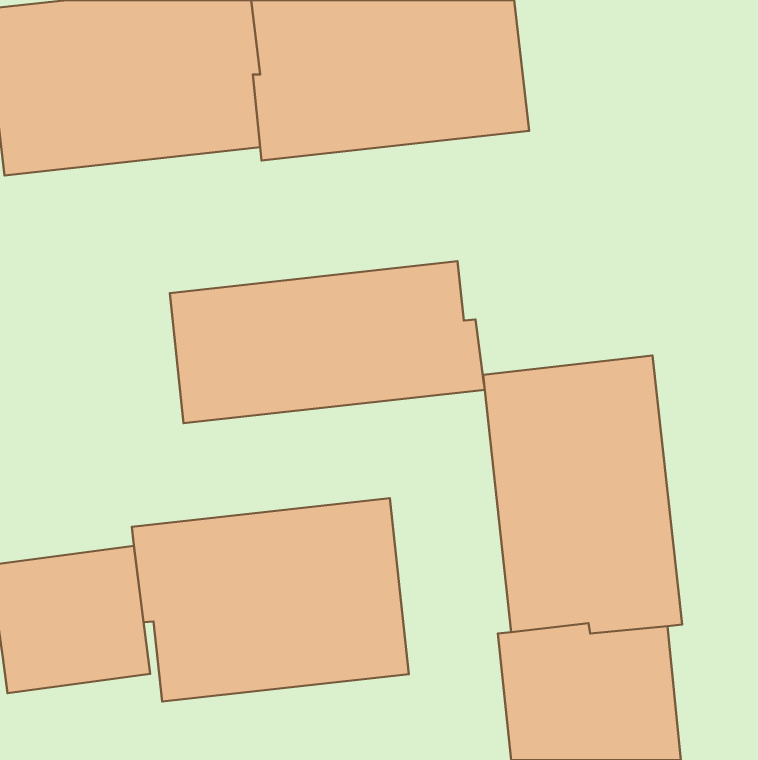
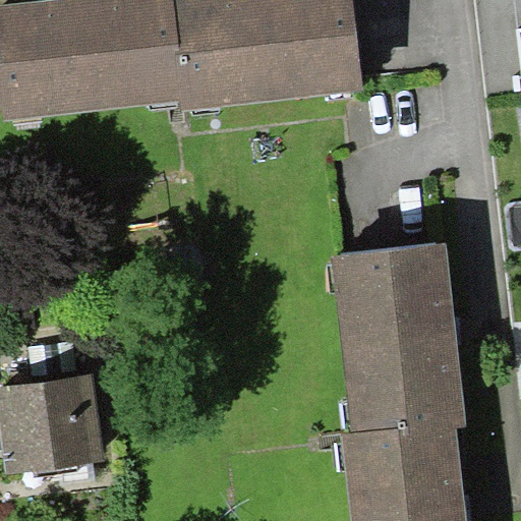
building: [170,261,485,423] -> none
building: [132,498,409,702] -> none

